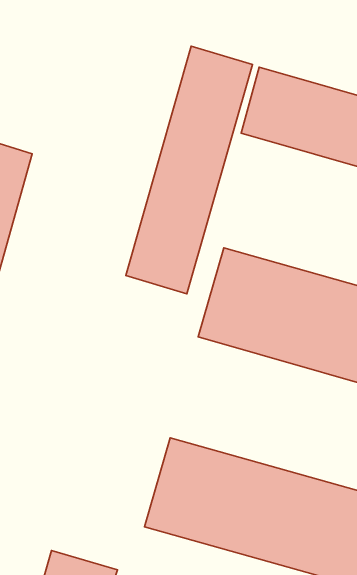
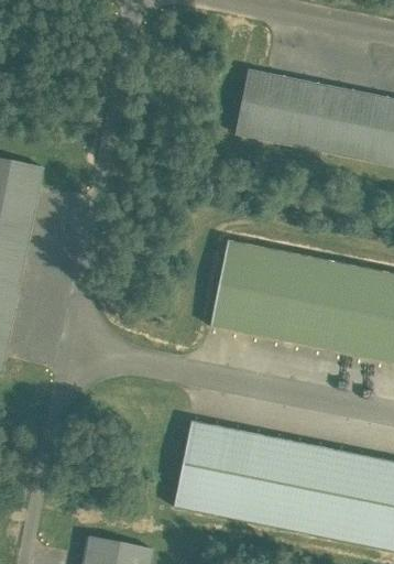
building: [126,46,252,294] -> none

